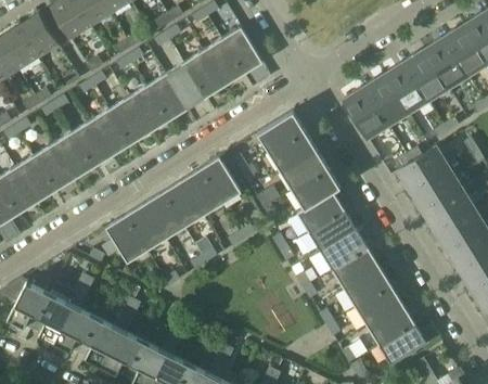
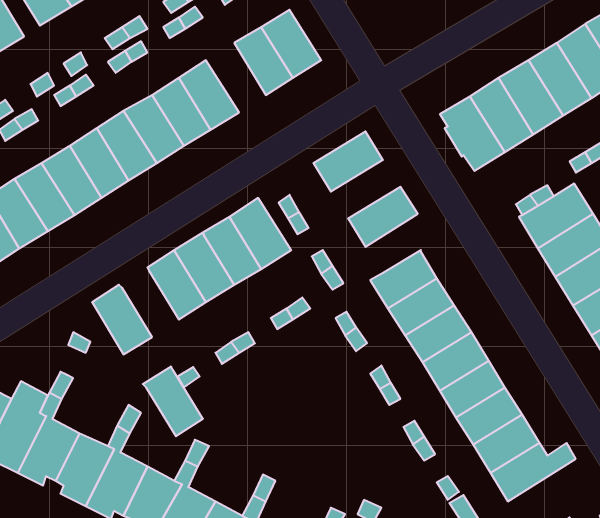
building: [183,50,224,98] -> none
building: [269,130,317,170] -> none
building: [293,167,341,208] -> none
building: [124,204,165,252] -> [143,367,203,436]

